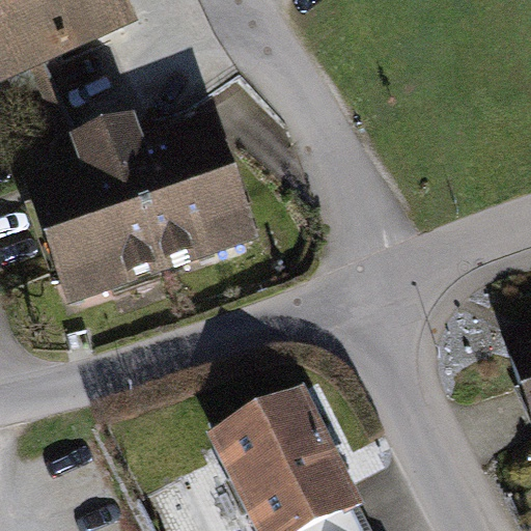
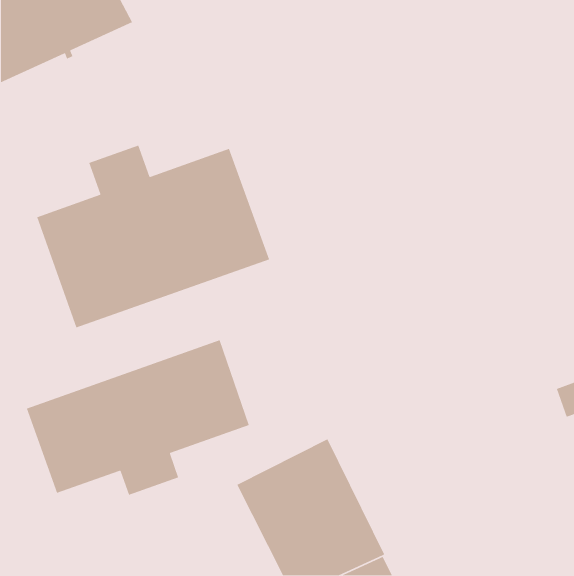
building: none -> [26,339,250,496]

